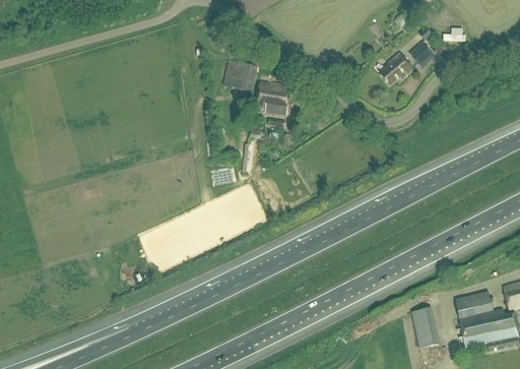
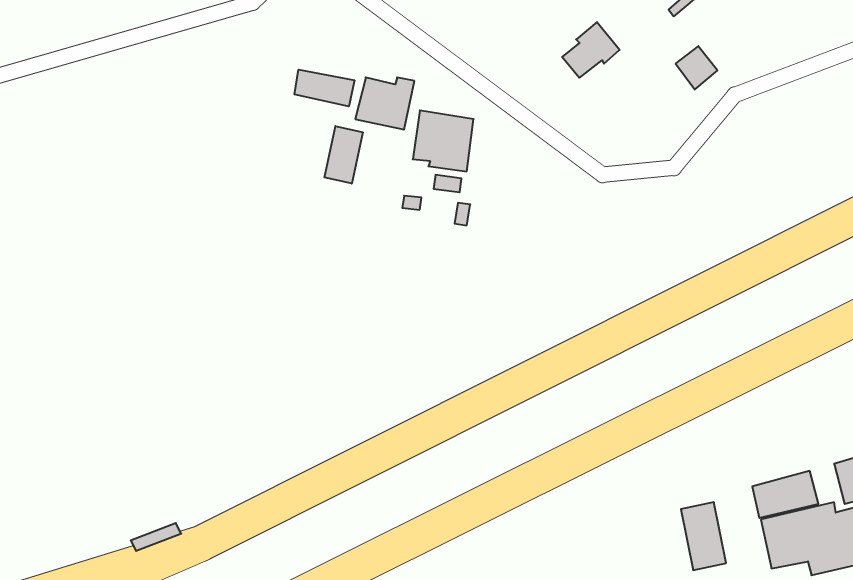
building: [379,52,412,84] -> [562,22,620,78]
building: none -> [294,70,354,106]
building: none -> [324,126,363,184]

